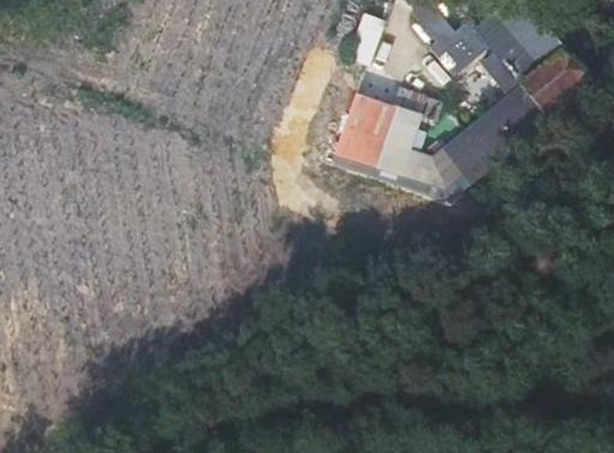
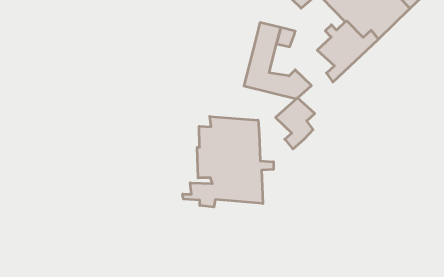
building: [416,134,466,199] -> [276,98,315,149]
building: none -> [183,116,273,207]

